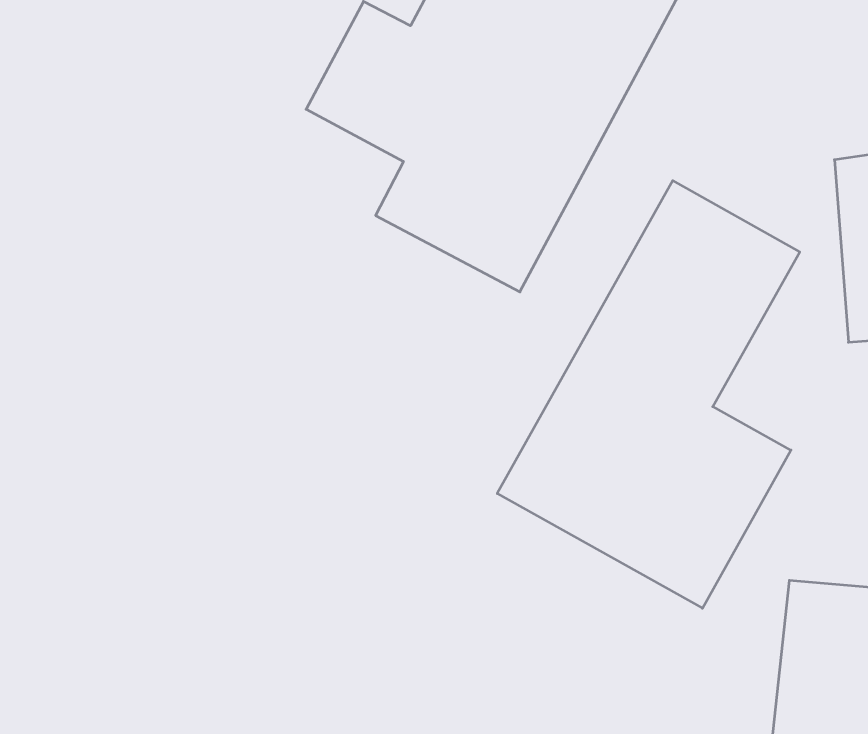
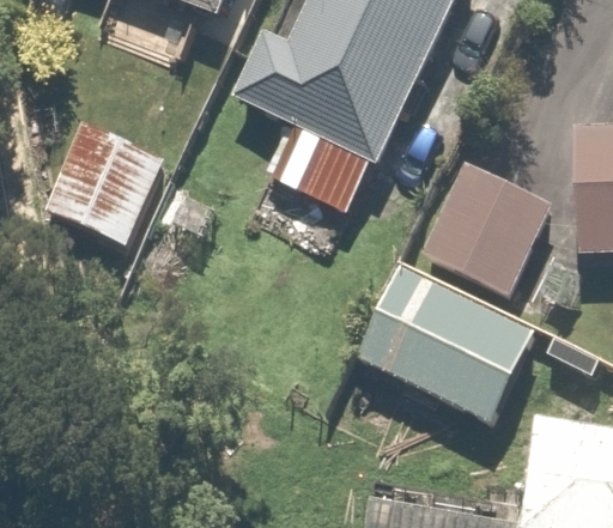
building: none -> [32,111,170,247]

